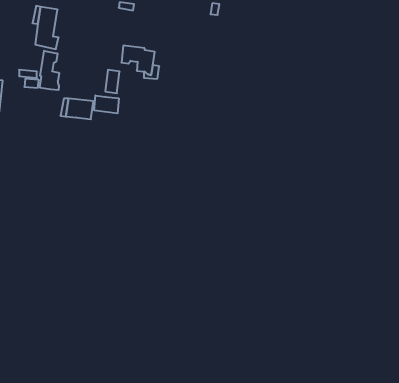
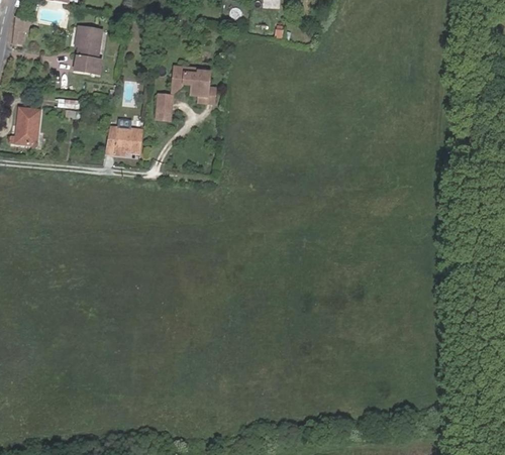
building: [40,51,59,90] -> none
building: [94,95,119,113] -> none

